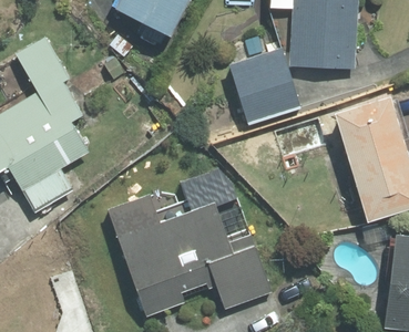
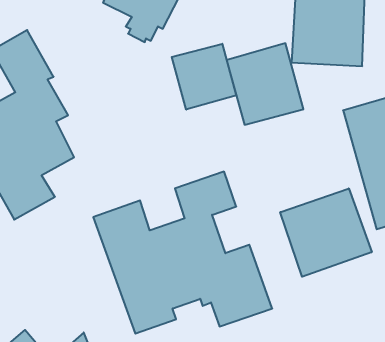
building: none -> [172,44,236,110]
building: none -> [280,188,372,277]

